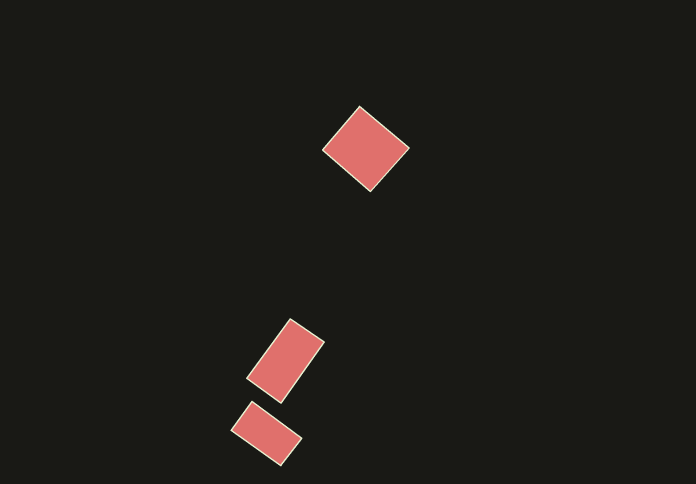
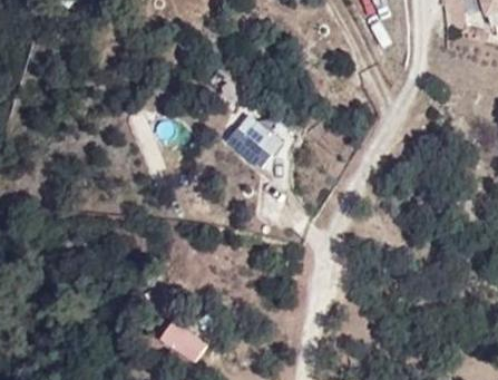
building: [247,319,324,403] -> none

